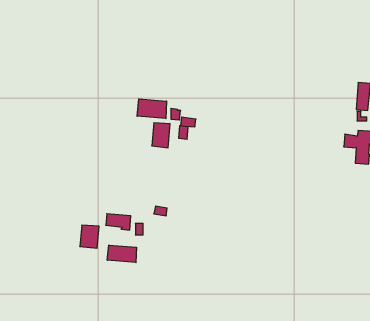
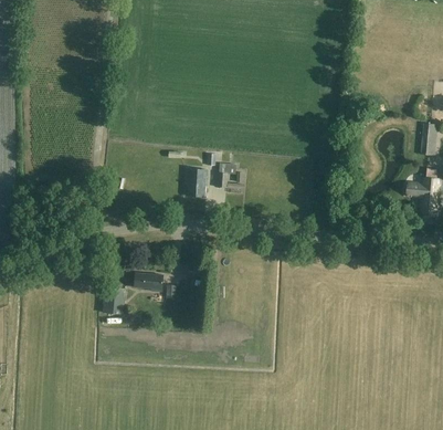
building: [137,99,167,119] -> none
building: [107,245,136,263] -> none

